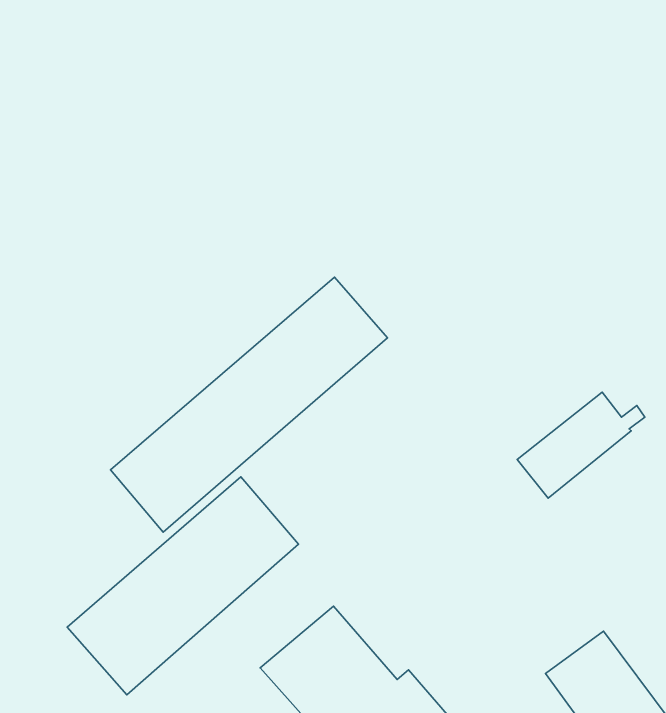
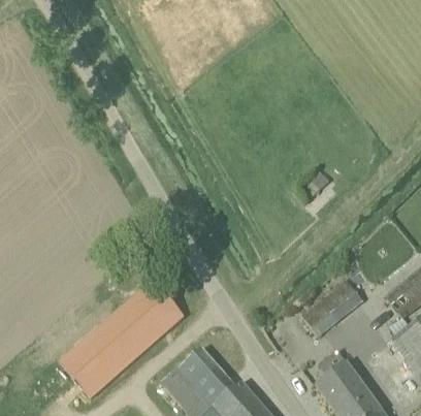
building: [111,277,388,532] -> none
building: [517,392,645,498] -> [302,277,370,333]

